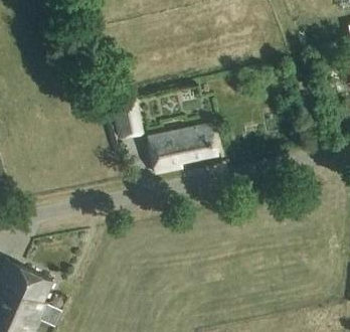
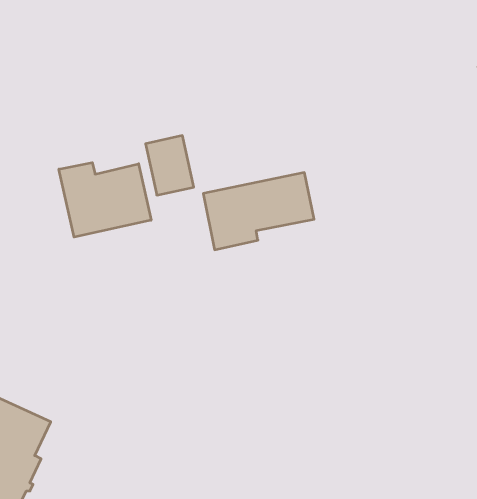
building: none -> [59,163,151,237]

